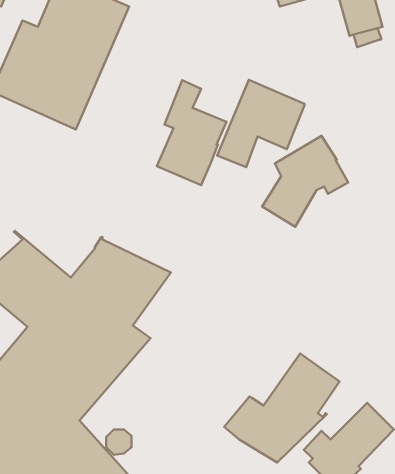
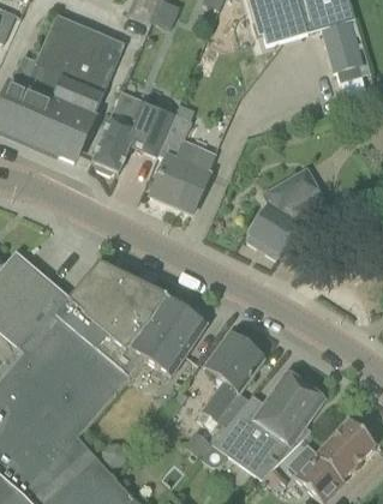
building: [217,80,304,167] -> [91,90,174,173]
building: none -> [127,295,207,379]
building: none -> [197,334,263,443]

